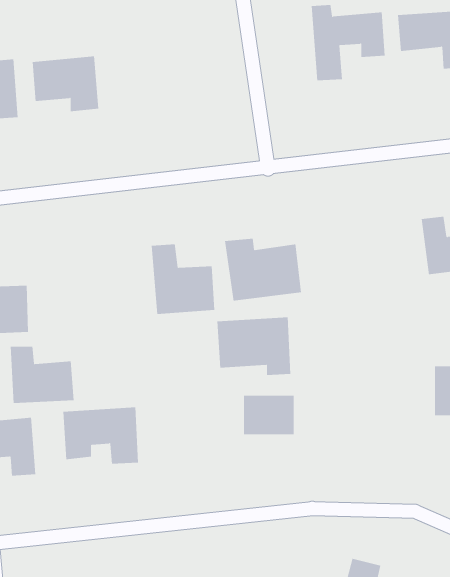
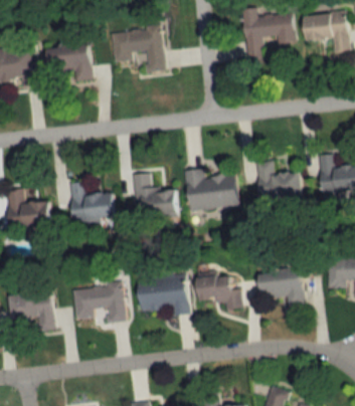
building: none -> [113,27,163,72]
building: none -> [255,160,302,201]
building: [216,317,291,376] -> [137,274,188,315]
building: [10,346,74,403] -> [69,182,114,221]
building: none -> [255,267,304,307]

